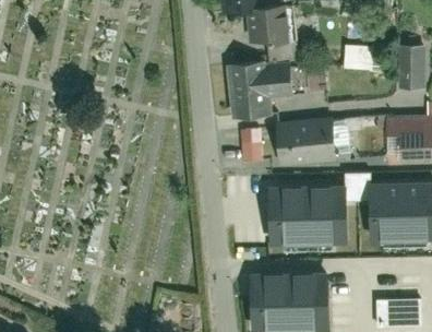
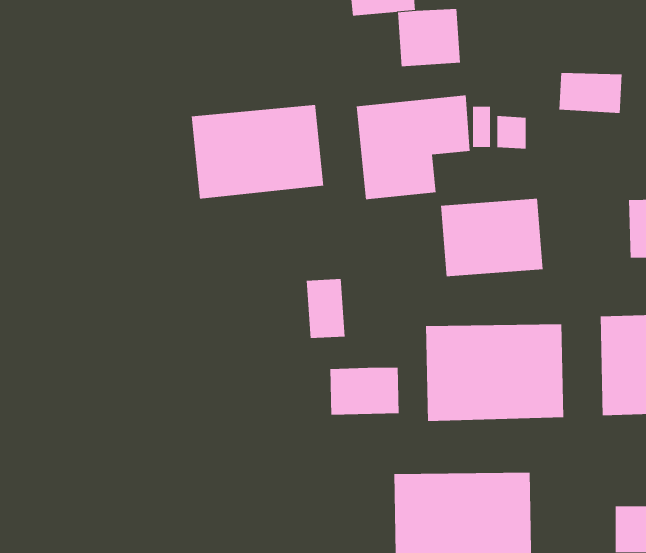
building: none -> [191,104,324,199]
building: [241,126,264,161] -> [306,279,345,339]
building: none -> [330,367,399,416]

